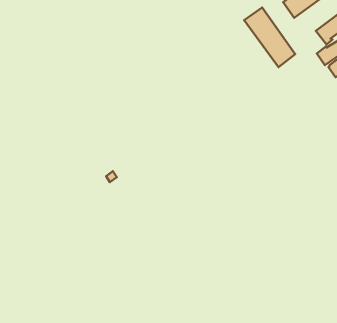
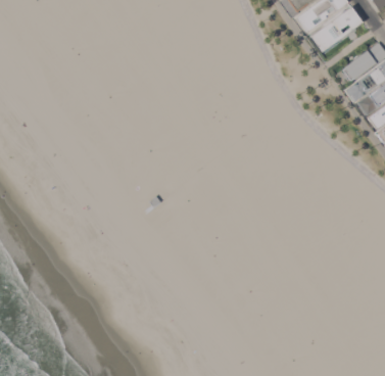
building: [244,8,295,67] -> none

